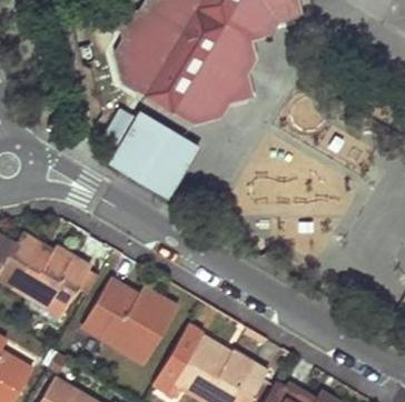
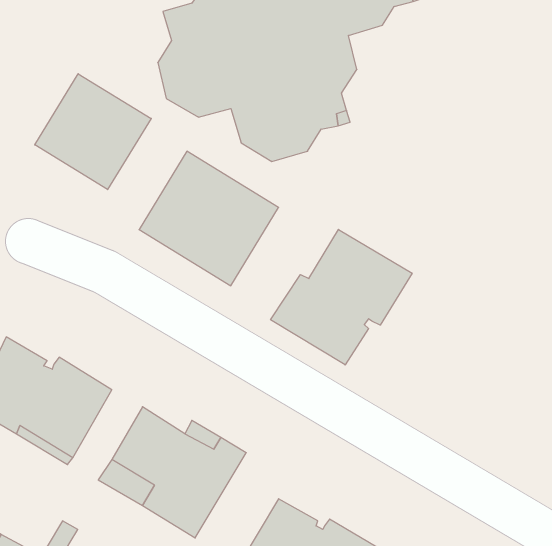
building: none -> [35,74,151,190]
building: none -> [271,229,412,365]

